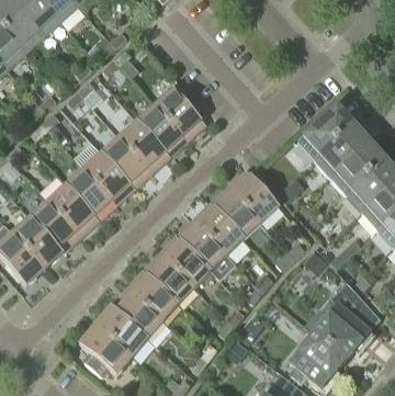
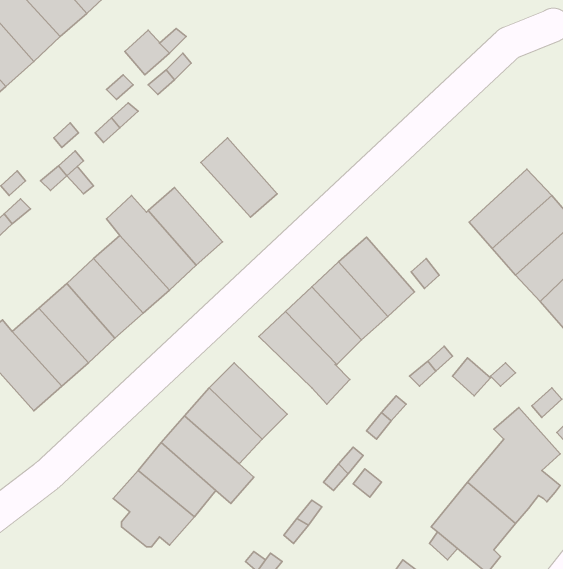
building: [155,81,206,140] -> none
building: [297,105,353,159] -> none
building: [120,120,170,172] -> none
building: [159,235,211,286] -> none

